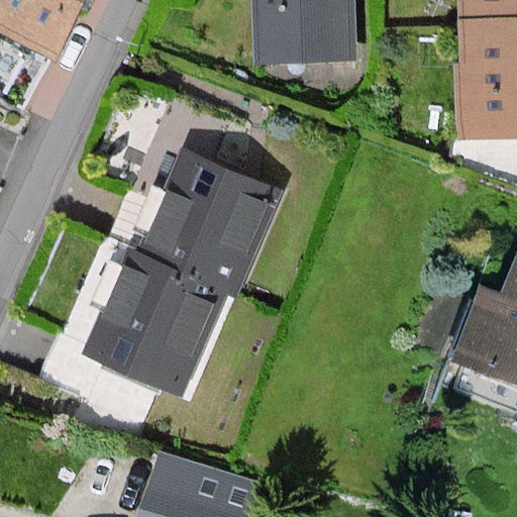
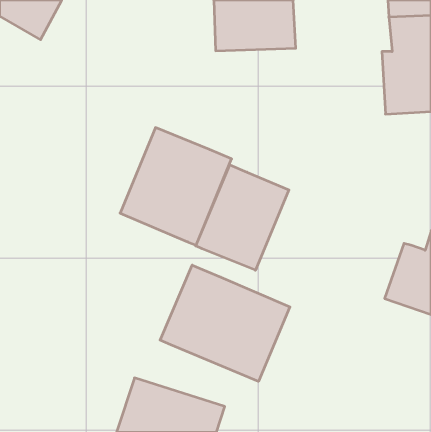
building: none -> [196,165,289,270]
building: [87,249,224,394] -> none
building: none -> [160,265,290,381]

